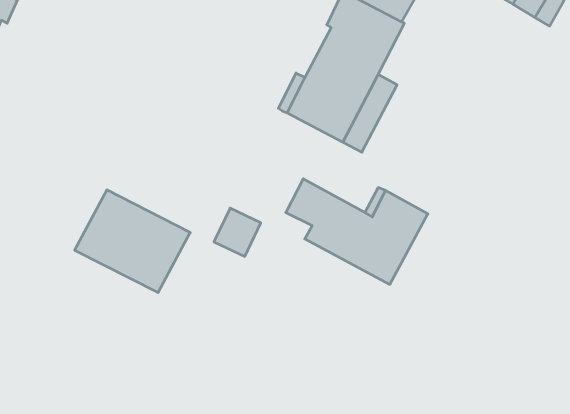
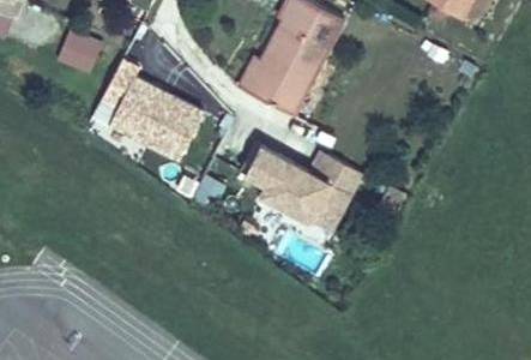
building: none -> [56,31,102,76]
building: [75,190,190,293] -> [107,74,201,158]

